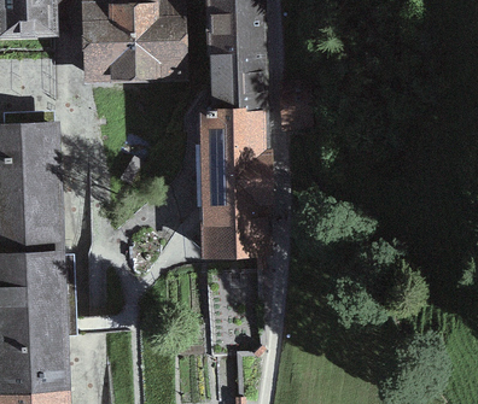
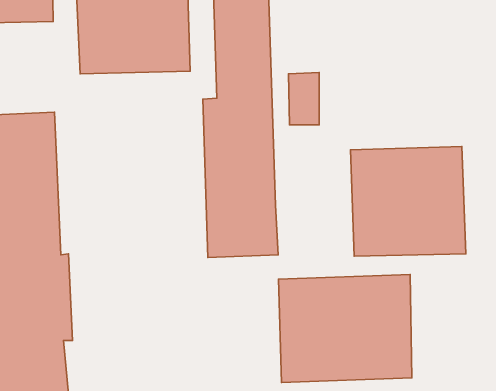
building: none -> [350,146,466,256]
building: none -> [278,274,412,382]

